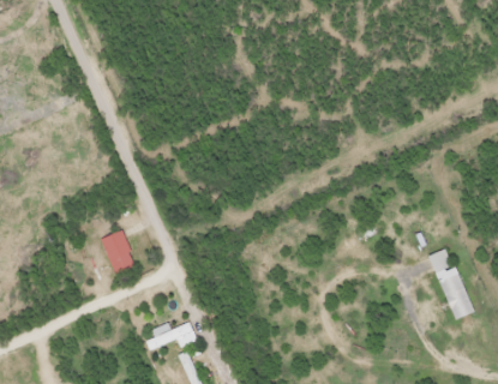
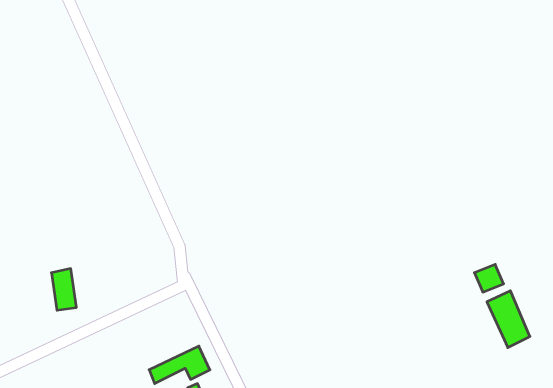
building: [109,232,131,268] -> [51,269,76,310]

